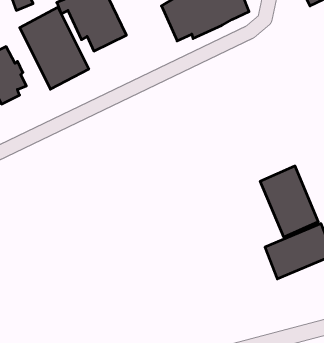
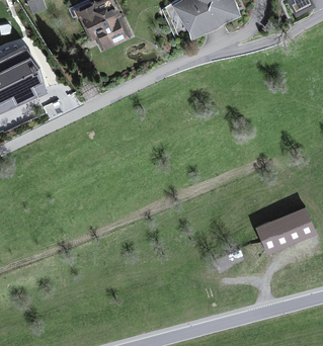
building: [20,7,89,89] -> none
building: [260,166,318,237] -> none

